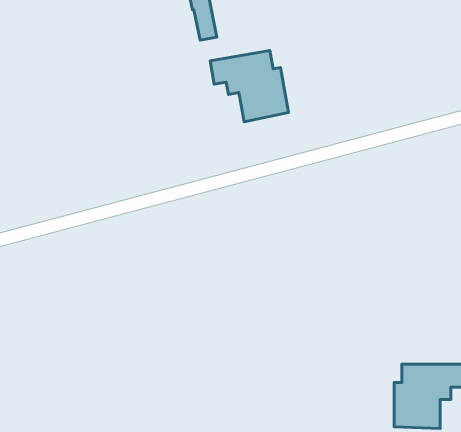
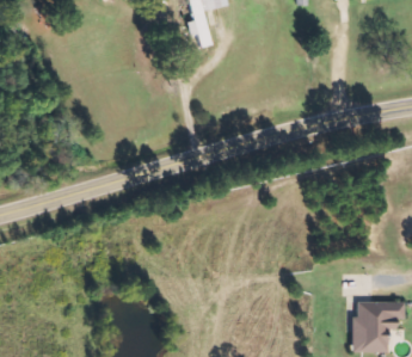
building: [210,50,289,122] -> none

